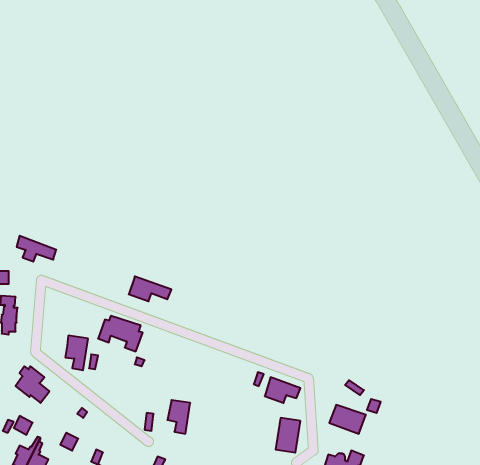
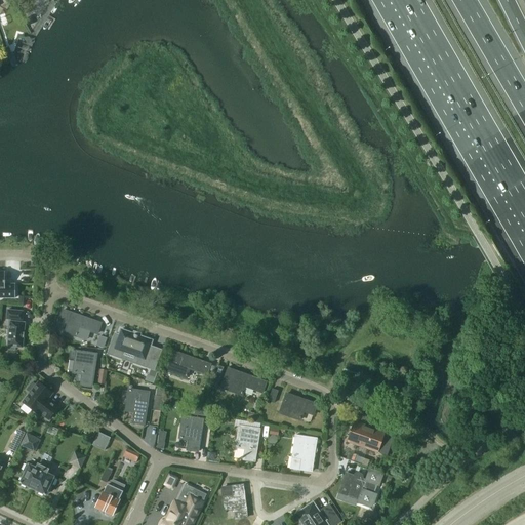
building: [17,236,56,262] -> [59,309,100,335]
building: [129,276,171,301] -> [166,351,210,376]
building: none -> [221,368,266,394]
building: none -> [126,389,150,423]
building: none -> [236,419,260,460]

